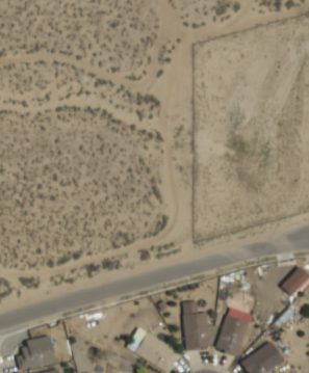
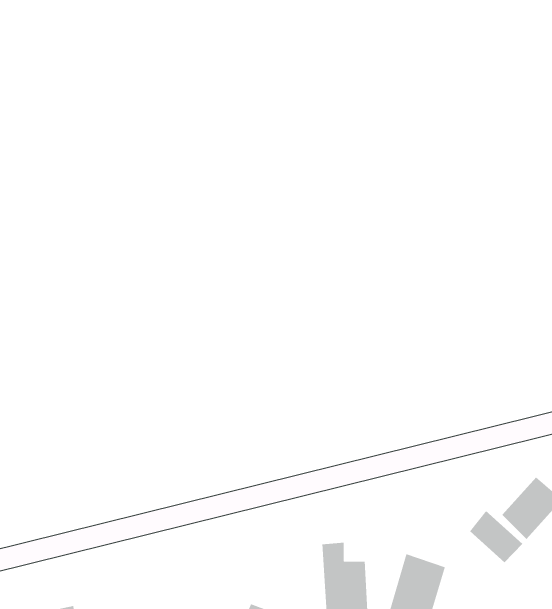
building: none -> [469,510,523,563]

